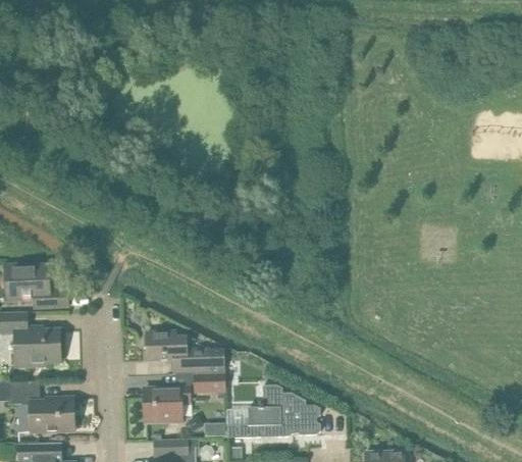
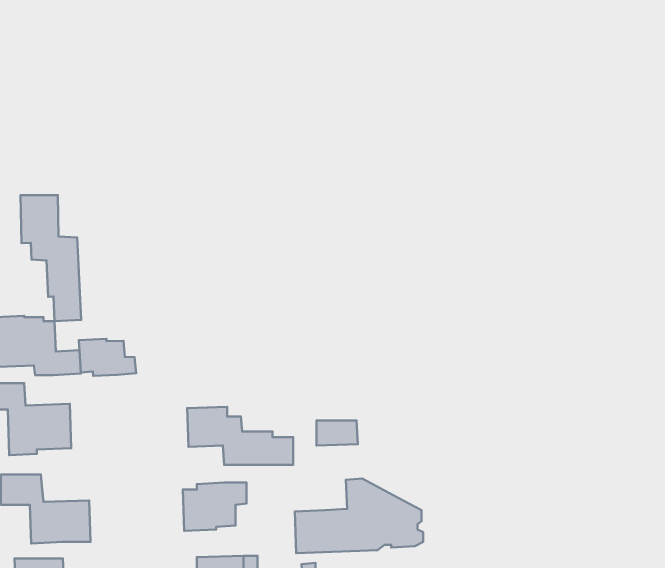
building: none -> [21,195,81,321]
building: none -> [79,339,136,376]
building: [195,374,225,393] -> [316,421,358,445]

